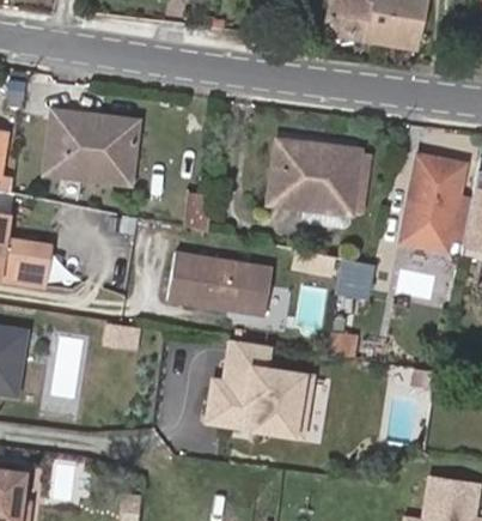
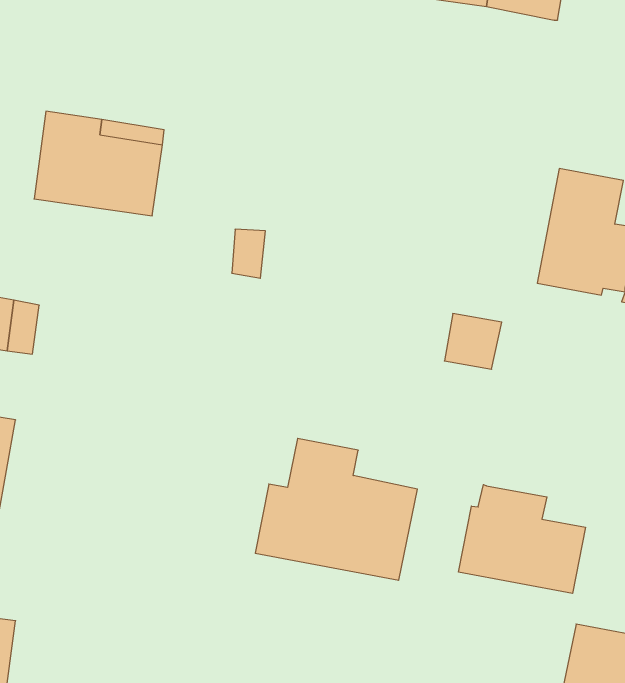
building: [271,137,359,208] -> none
building: [166,250,271,314] -> none
building: none -> [459,485,585,593]

